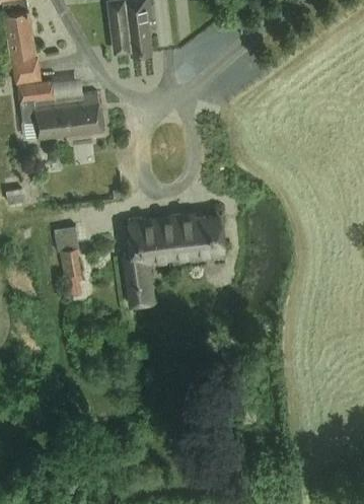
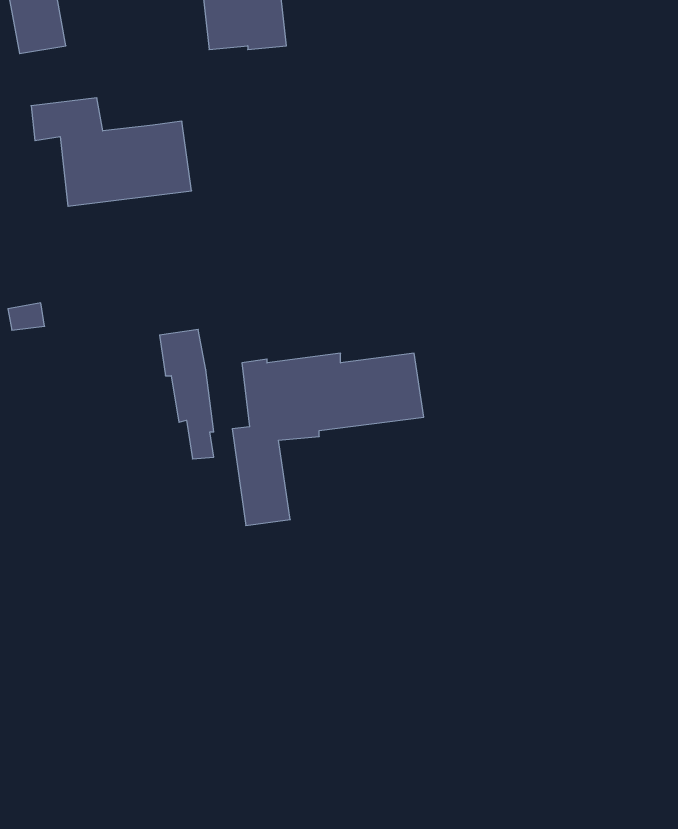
building: [10,56,40,78] -> none
building: [55,227,83,295] -> [160,329,214,459]

